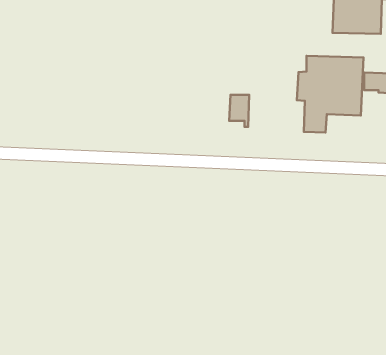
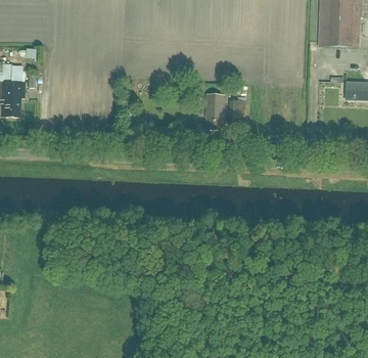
building: [297,56,364,132] -> none
building: none -> [203,92,223,128]

